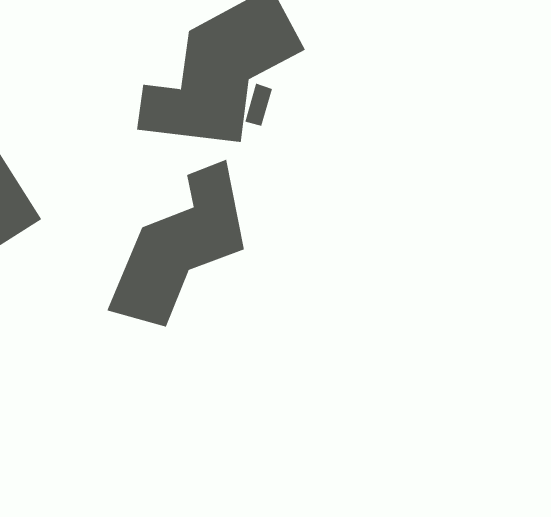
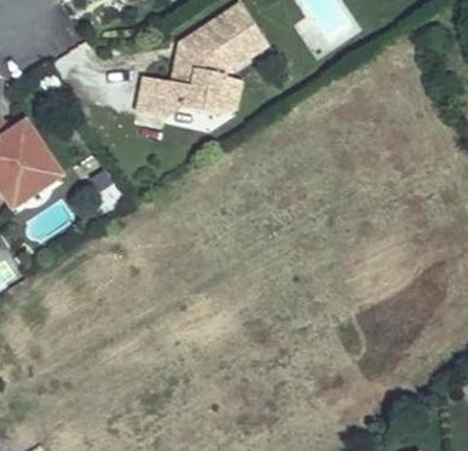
building: [107,159,245,327] -> none

